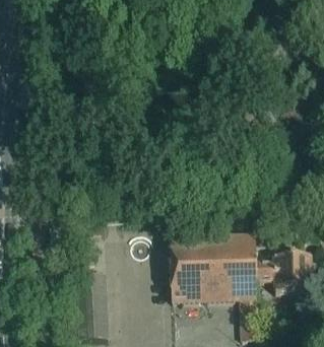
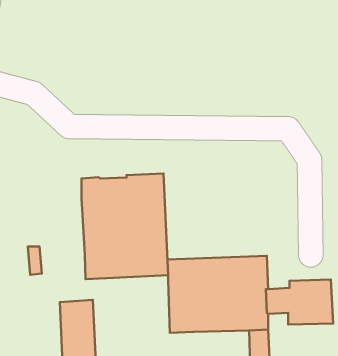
building: none -> [81,174,168,279]

